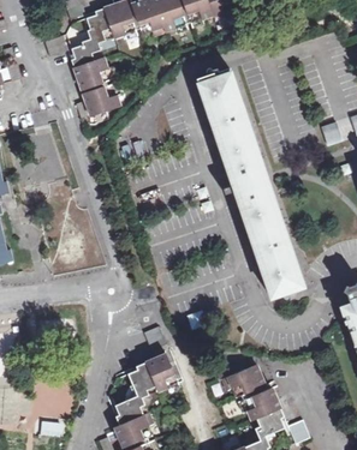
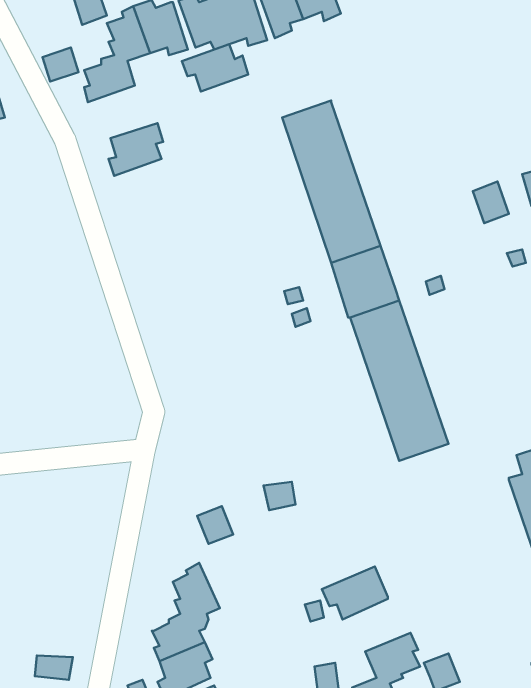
building: [73,58,115,88] -> [182,44,248,91]
building: [144,353,180,391] -> none
building: [237,386,279,418] -> none

